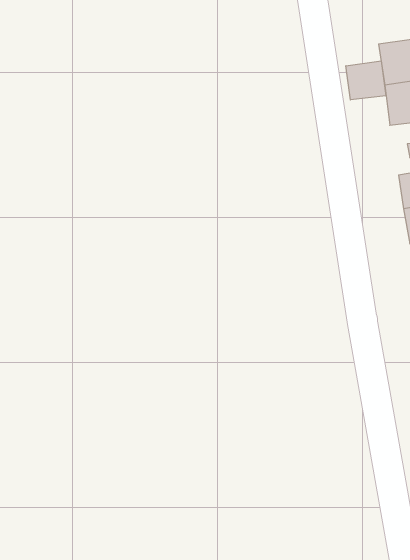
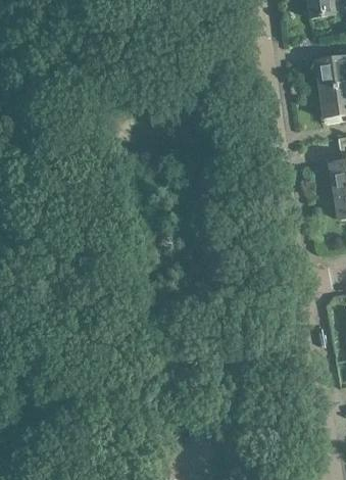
building: [346,61,386,100] -> none

